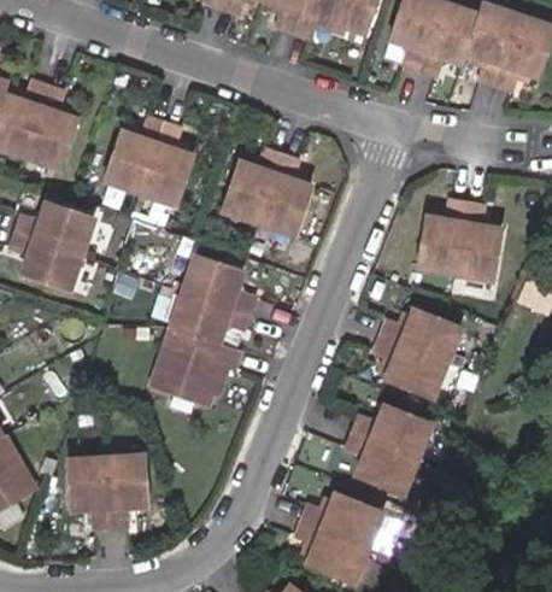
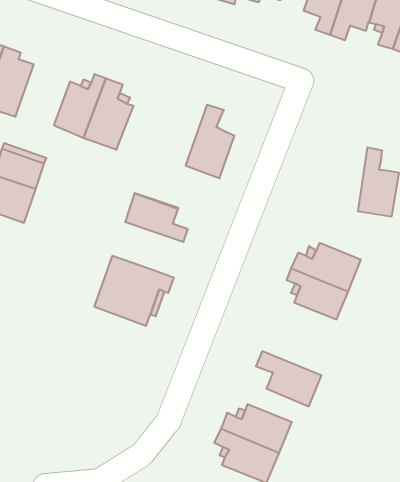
building: [223,148,281,222] -> none
building: [415,200,463,274] -> none
building: [174,286,254,342] -> none
building: [343,405,425,461] -> none
building: [71,450,147,522] -> none

